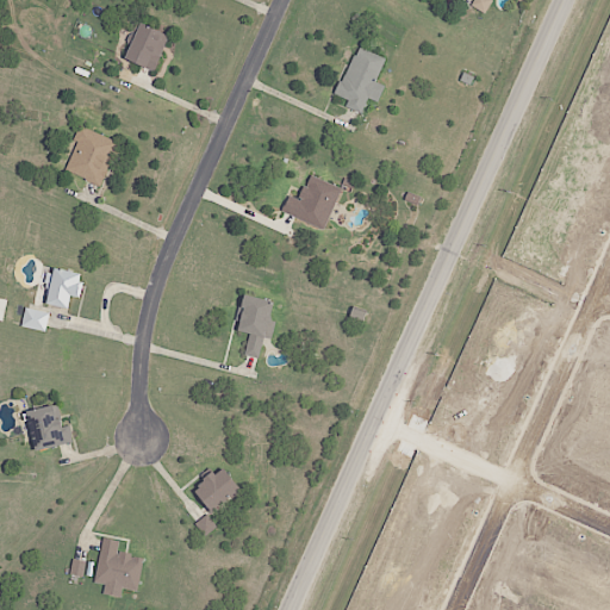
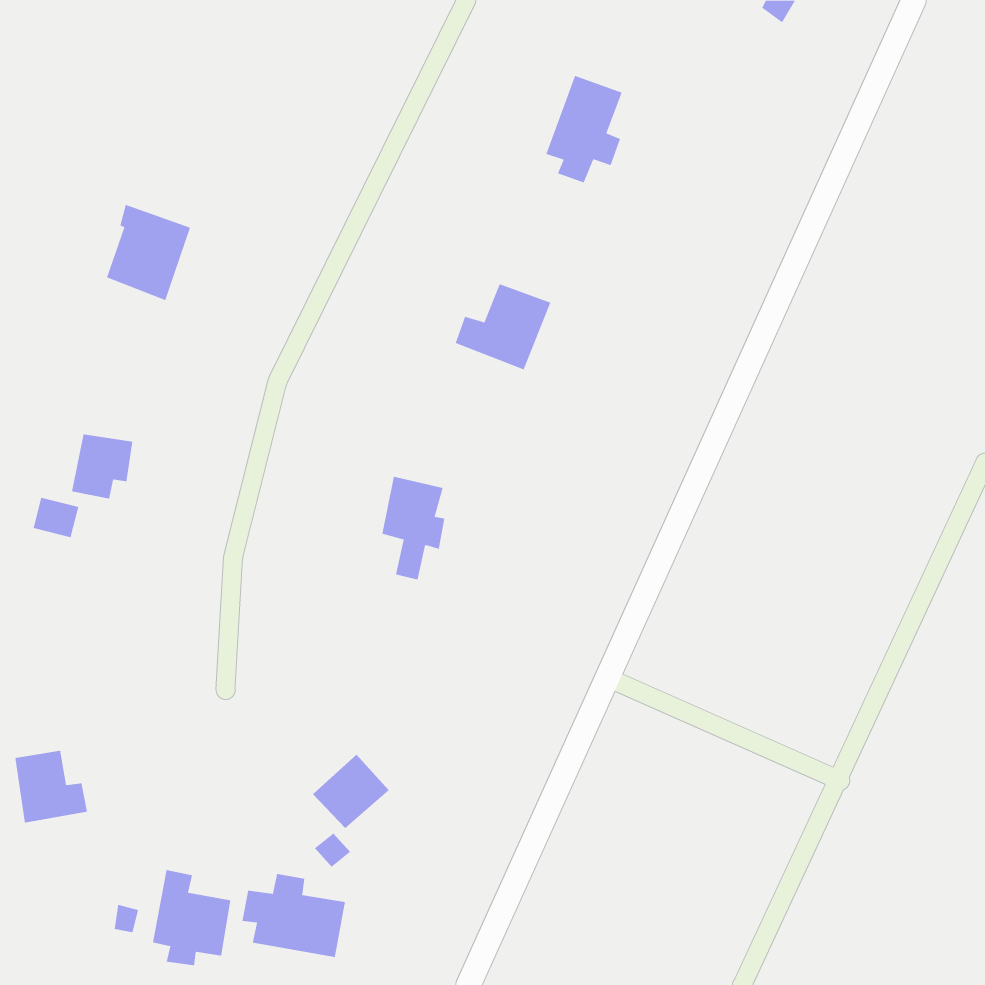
building: [125,20,169,70] -> none
building: [27,405,73,450] -> [15,750,88,823]
building: none -> [242,873,345,958]

